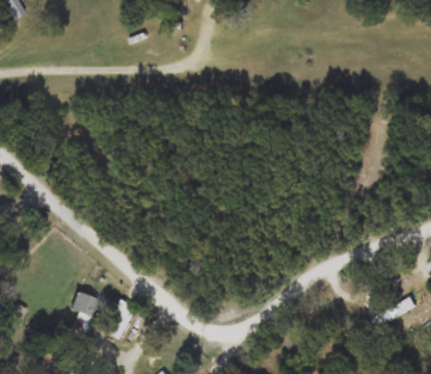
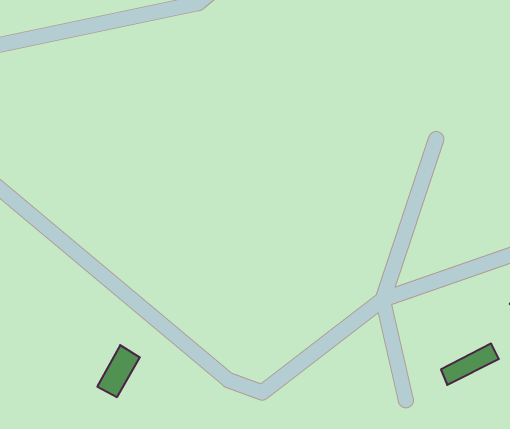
building: [67,290,103,329] -> none

